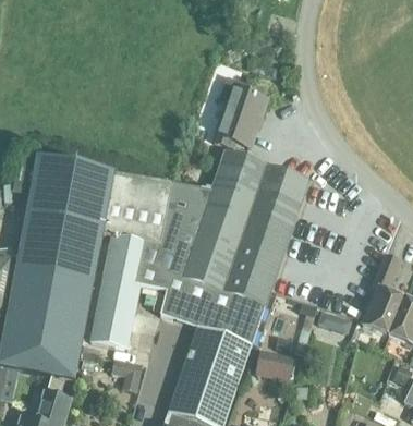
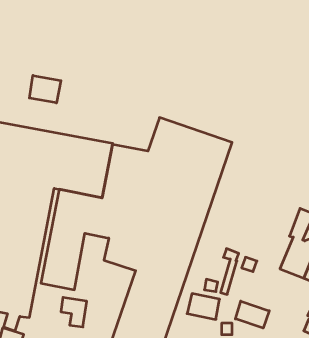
building: [212,74,266,146] -> none
building: none -> [29,75,61,103]
building: none -> [235,301,269,328]

